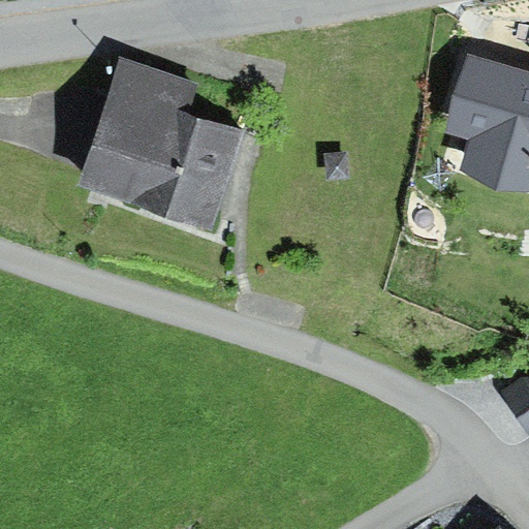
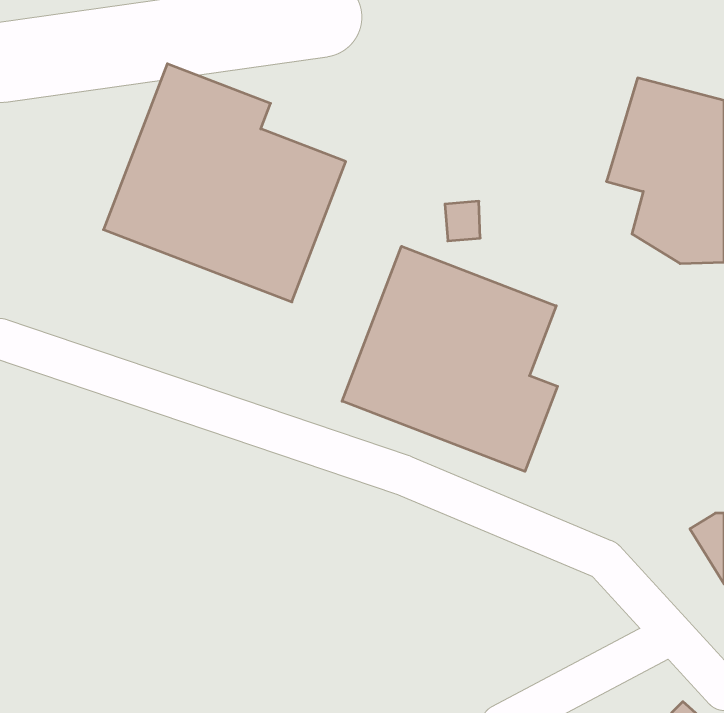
building: none -> [342,246,558,471]

